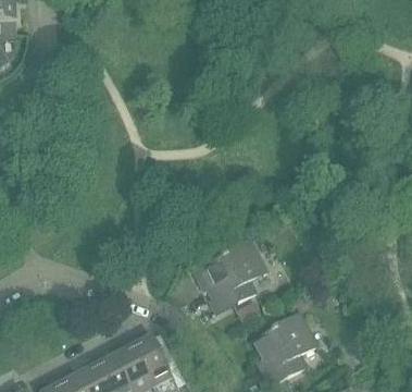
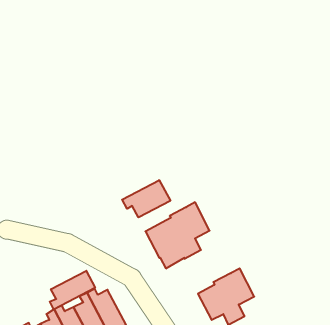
building: none -> [122,180,170,217]
building: none -> [50,271,95,309]

